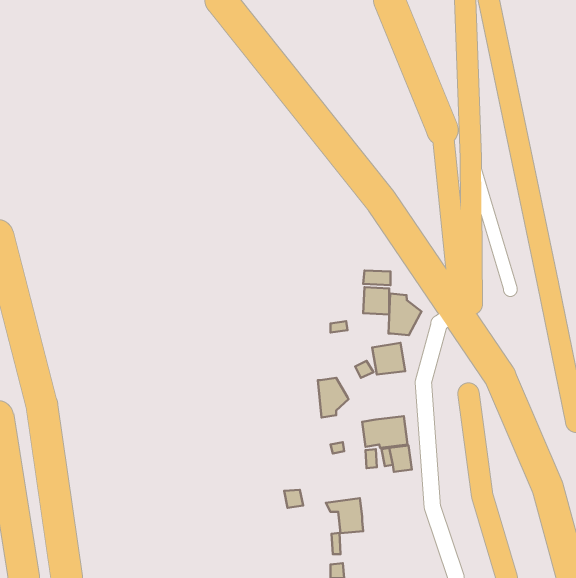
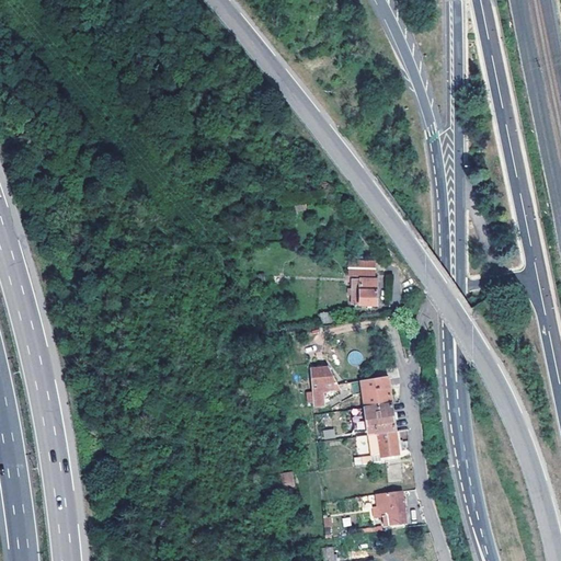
building: [388,294,421,335] -> none
building: [372,343,405,375] -> [359,376,391,407]
building: [326,498,363,533] -> [369,491,405,525]

